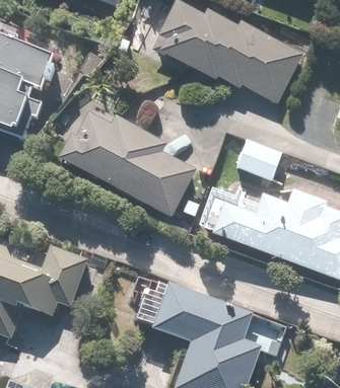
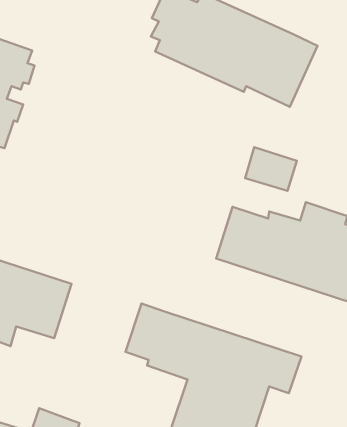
building: [58,106,195,220] -> none

